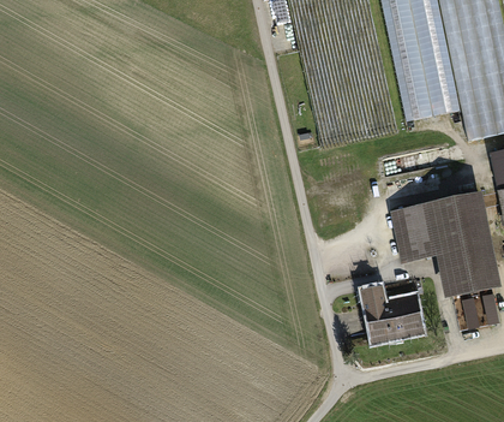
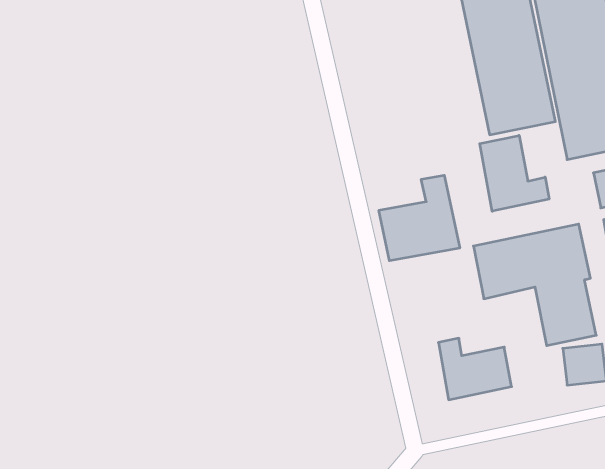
building: none -> [480,135,549,211]
building: none -> [379,175,460,261]

